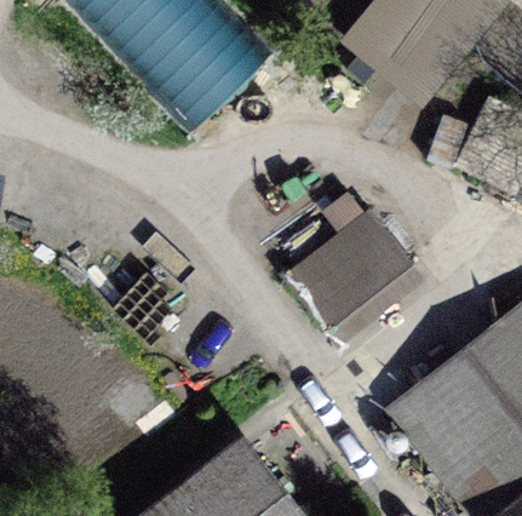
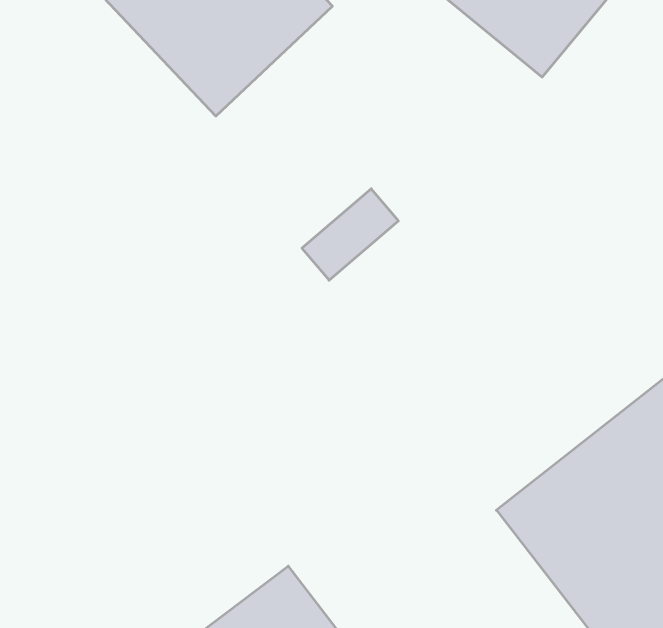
building: [289,214,409,328] -> none

